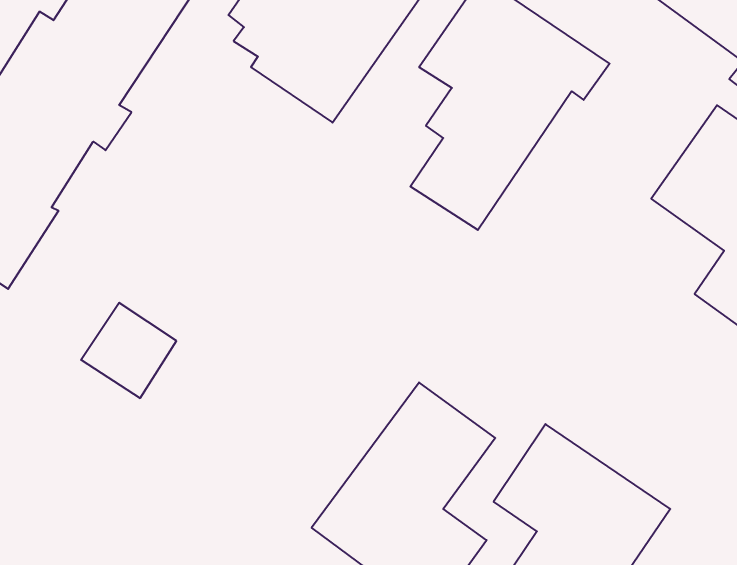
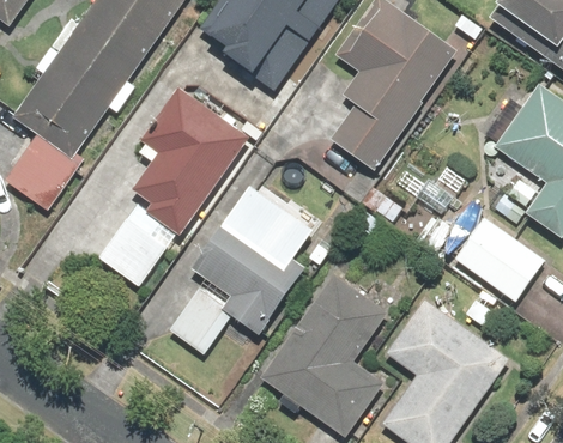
building: none -> [132,87,250,235]
building: none -> [167,189,310,354]
building: none -> [453,213,546,302]

